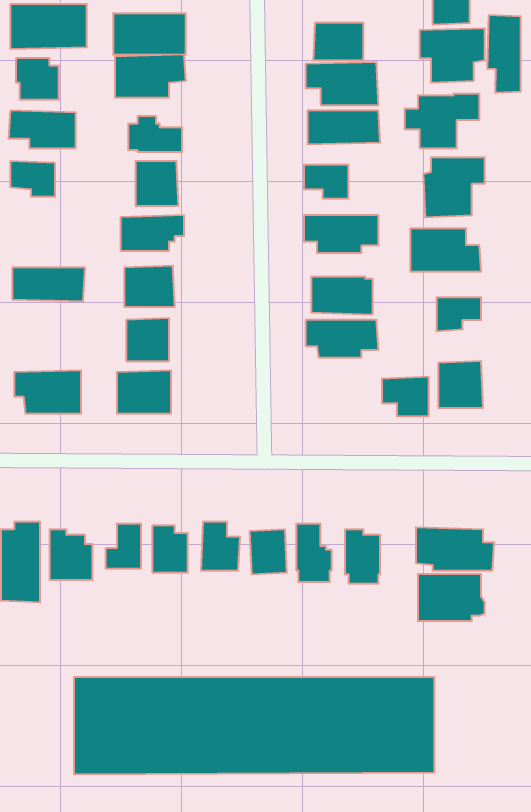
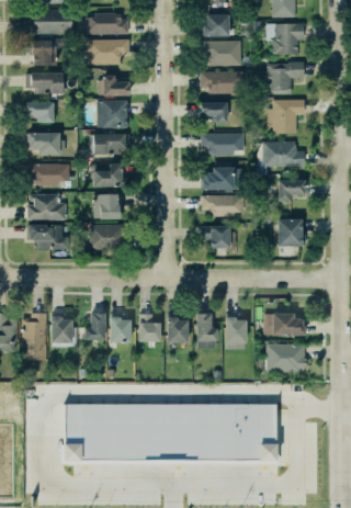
building: [488,15,520,93] -> none
building: none -> [29,132,63,153]
building: none -> [27,193,66,219]
building: [382,377,429,416] -> [200,225,227,248]

